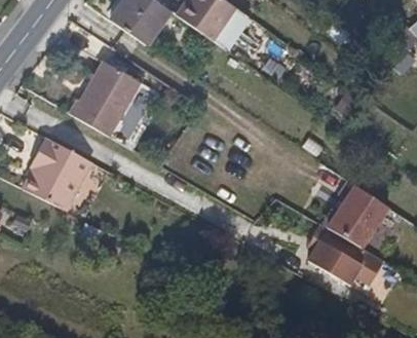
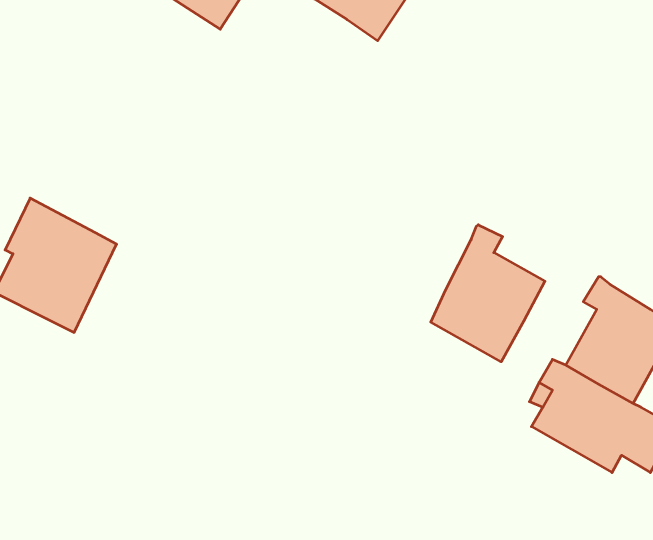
building: [73,51,148,130] -> none
building: none -> [431,225,545,362]

